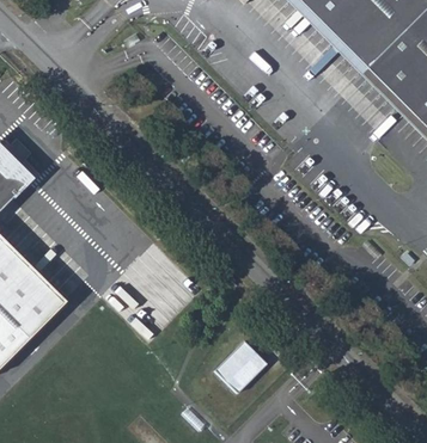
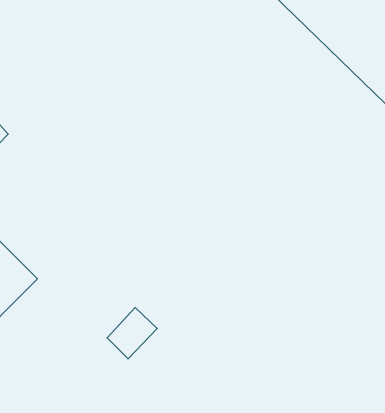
building: [219,342,270,394] -> [107,308,157,359]

